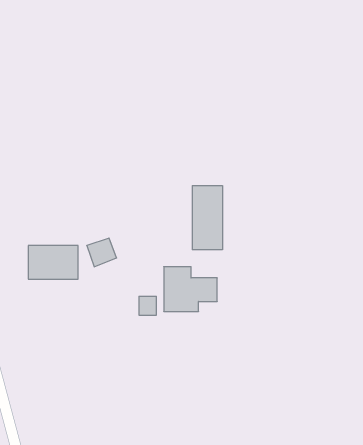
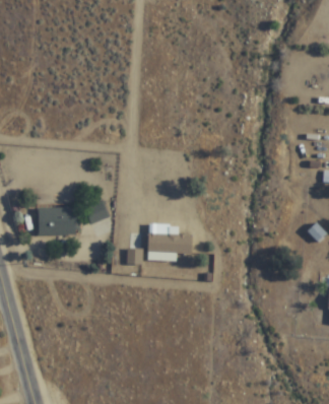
building: [192,186,222,250] -> none

